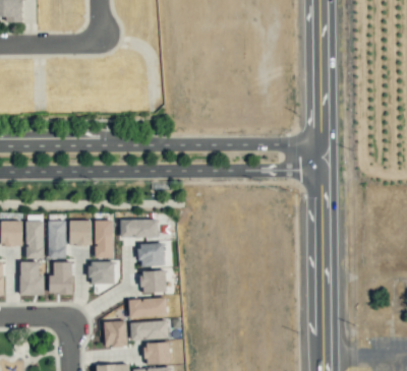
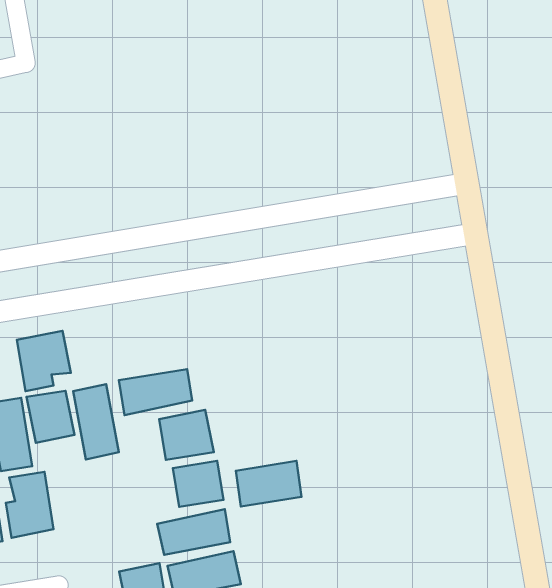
building: none -> [17,331,71,391]
building: [90,260,115,284] -> none
building: none -> [236,461,302,507]

